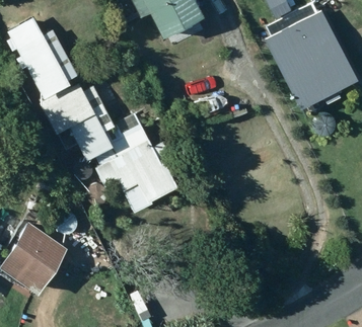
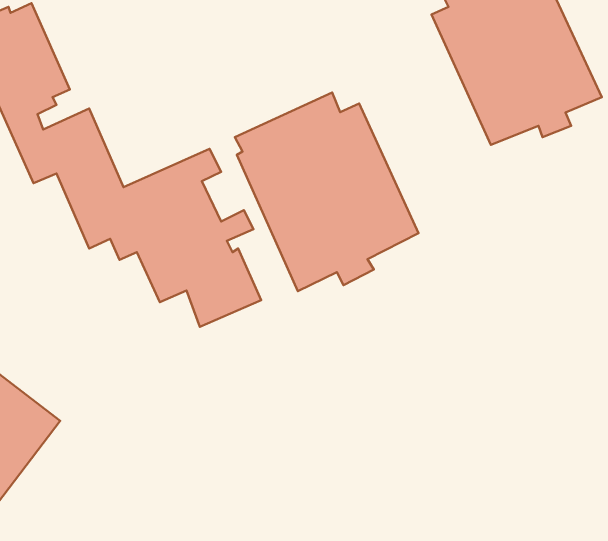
building: none -> [235,93,418,291]

